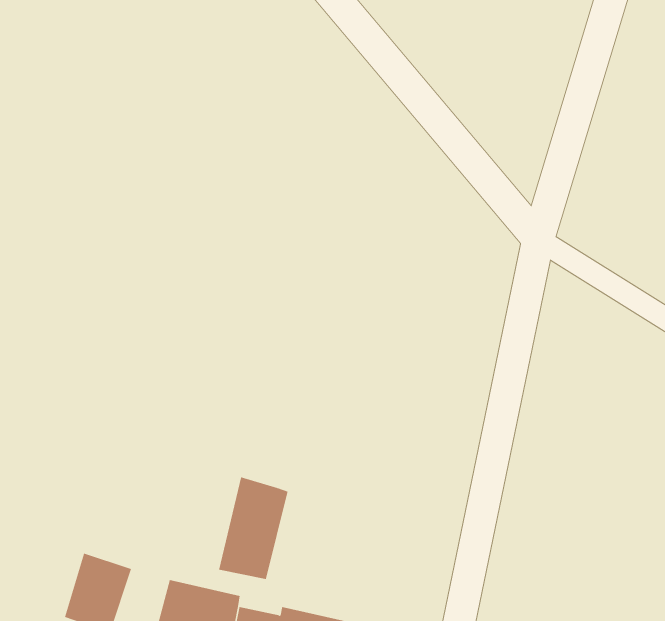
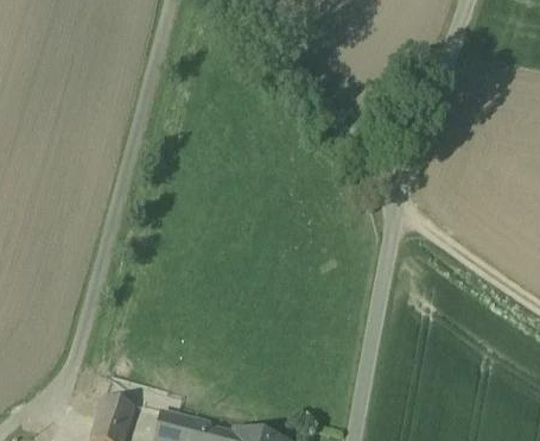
building: [218,477,288,580] -> none

